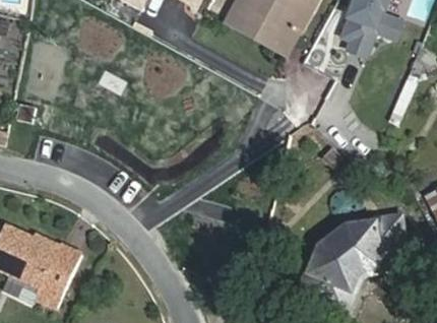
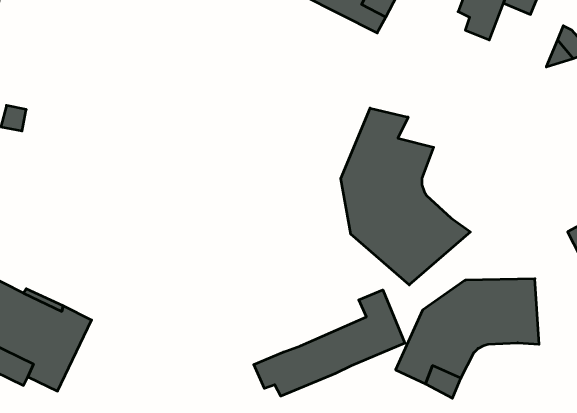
building: none -> [341,108,470,285]
building: none -> [254,290,405,396]

